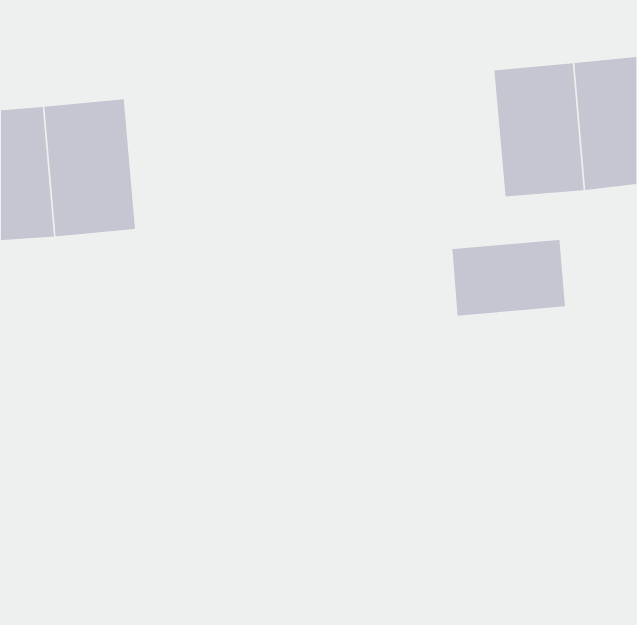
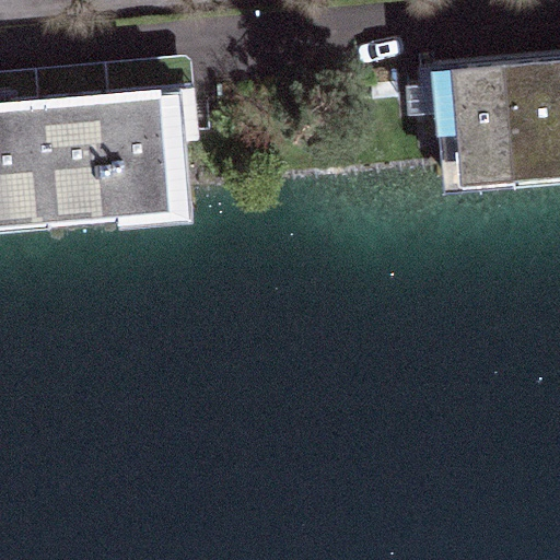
building: none -> [109,92,190,224]
building: [452,239,566,316] -> none

